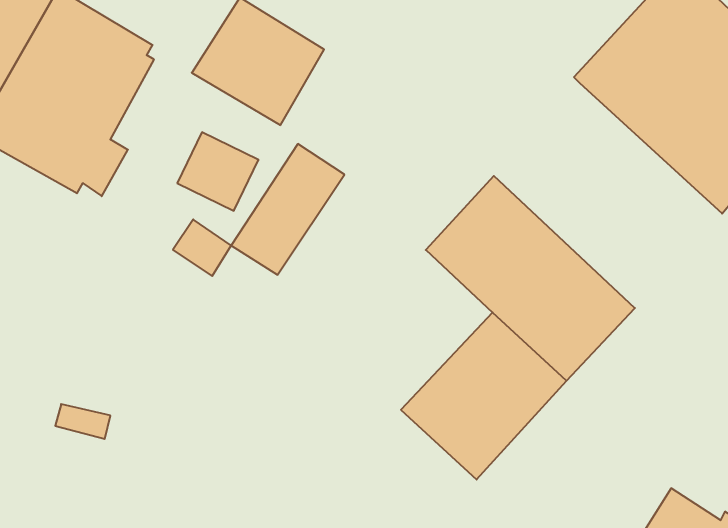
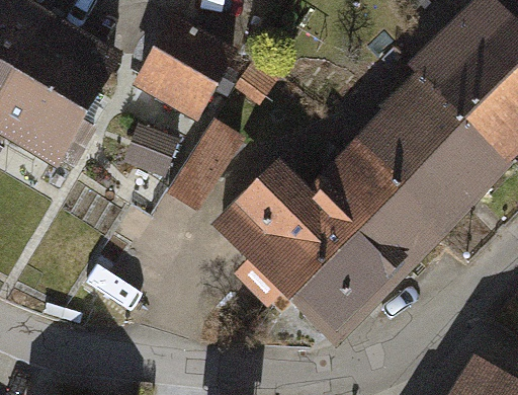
building: none -> [348,79,507,236]
building: none -> [205,166,347,307]

